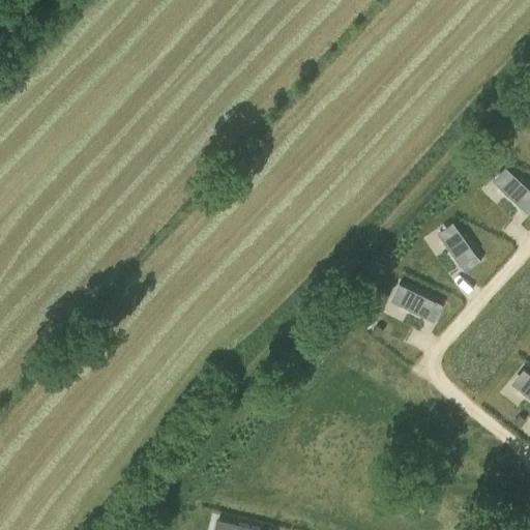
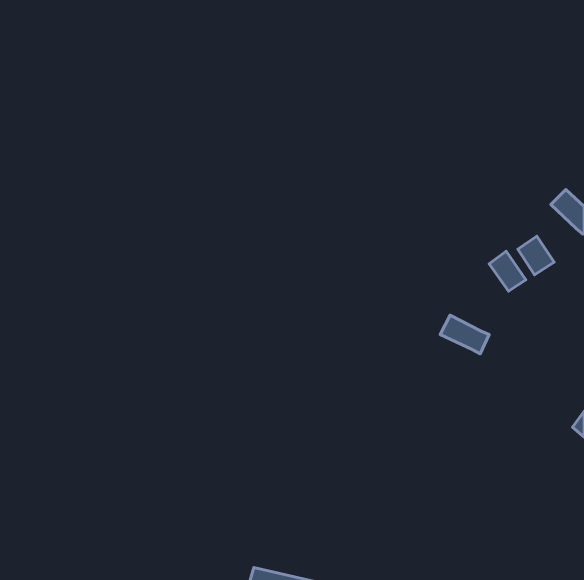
building: none -> [518,236,554,275]

